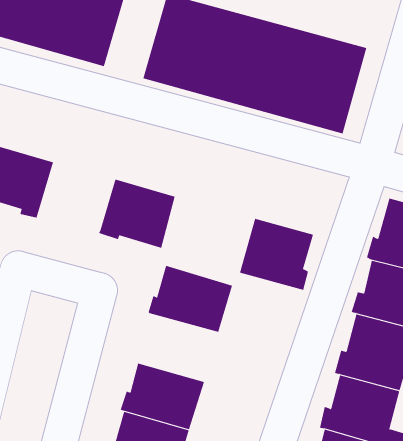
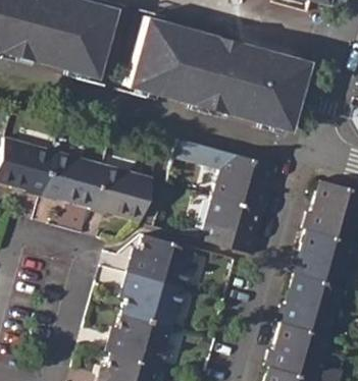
building: none -> [172,138,274,211]
building: none -> [40,152,102,207]
building: none -> [120,272,186,328]

